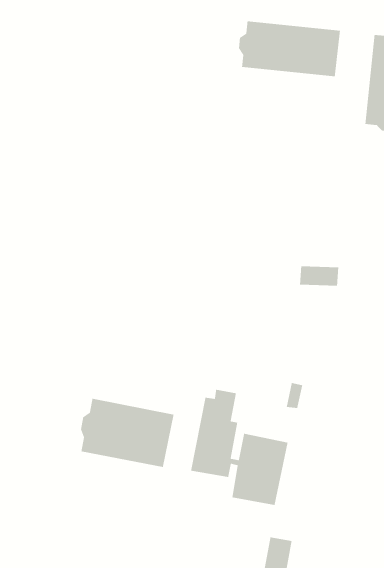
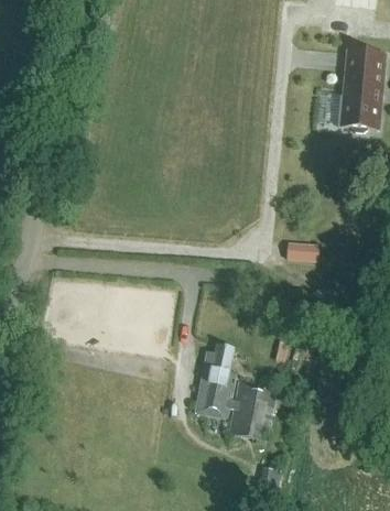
building: [238,21,341,77] -> none
building: [80,398,175,468] -> none

